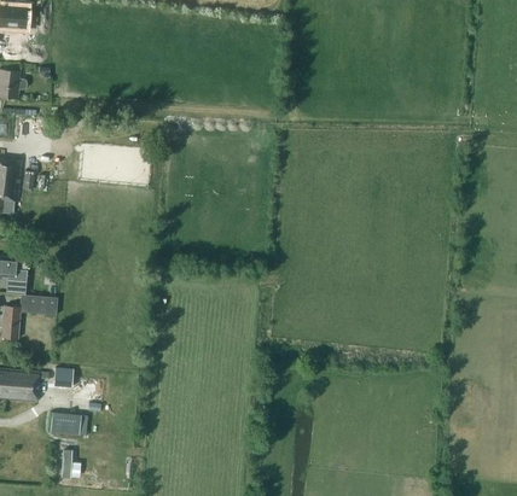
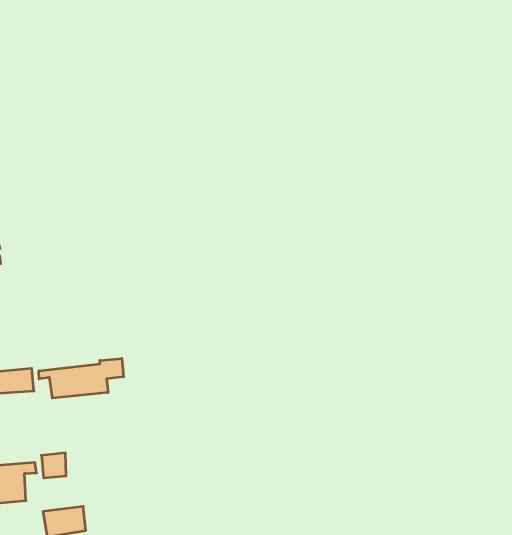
building: none -> [39,358,123,398]

